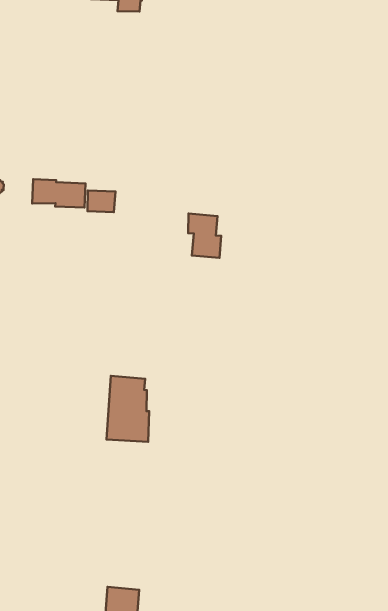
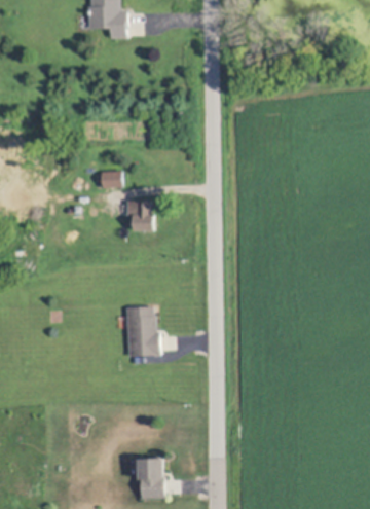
building: [32,179,85,207] -> none
building: [188,214,221,258] -> [126,201,152,231]

